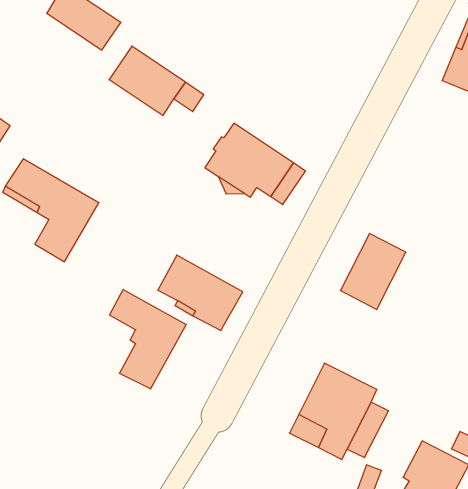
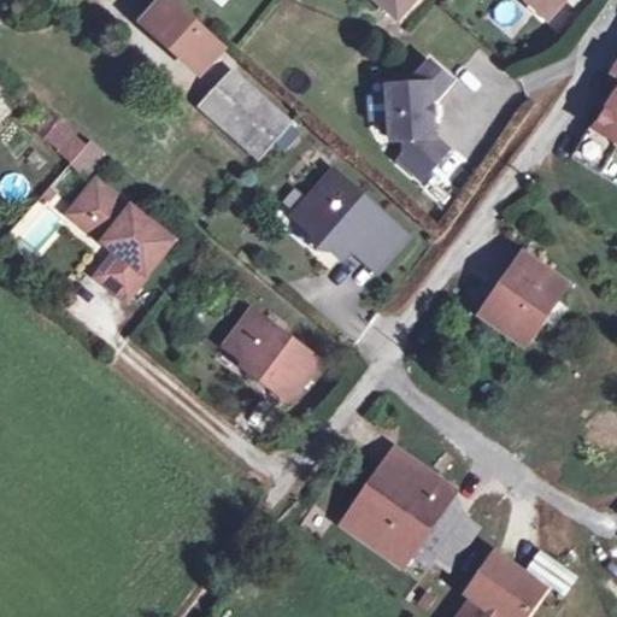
building: none -> [387,61,448,176]
building: [340,233,406,310] -> [484,257,563,342]
building: [110,289,186,389] -> none

